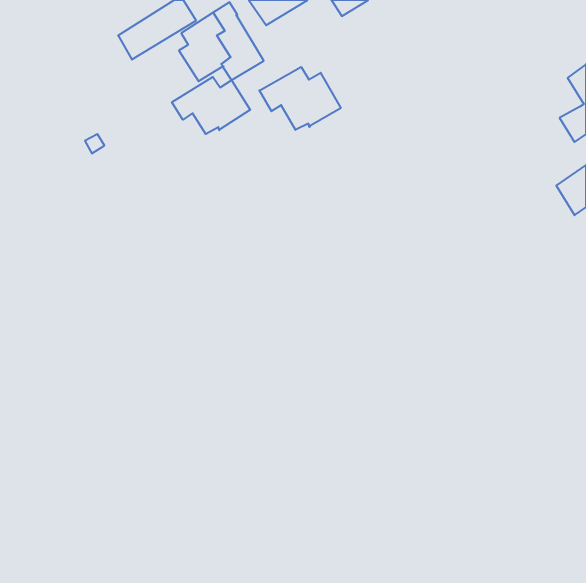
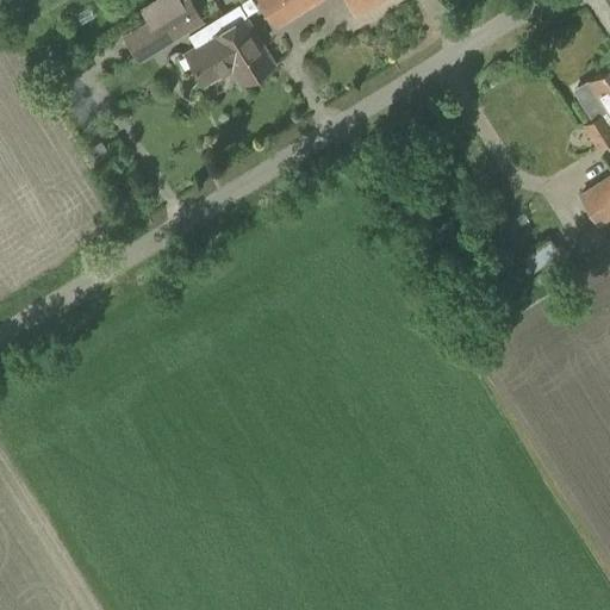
building: [259,67,341,130] -> none
building: [172,77,250,134] -> none

